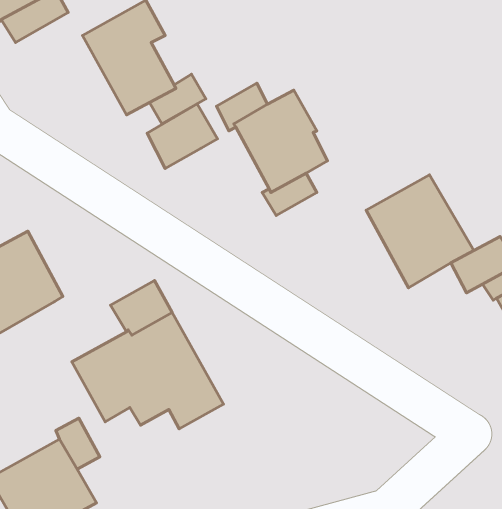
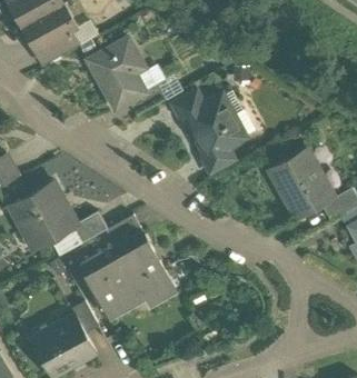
building: [147,104,218,169] -> none
building: none -> [69,212,106,245]

